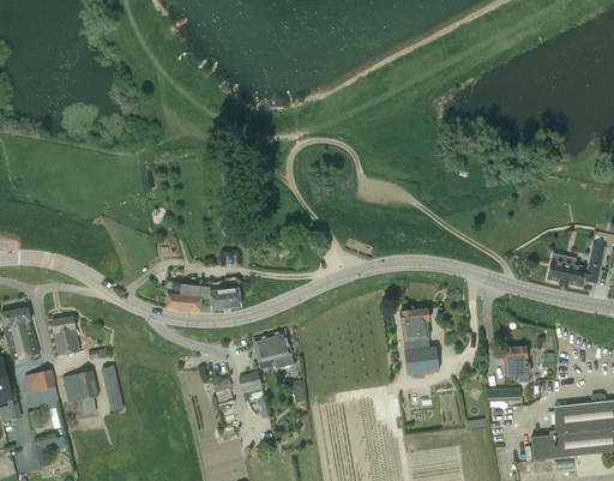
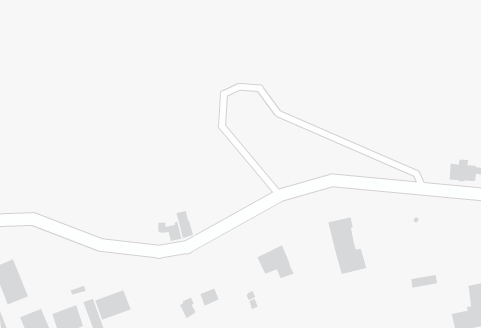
building: [165,283,203,311] -> none
building: [52,317,79,355] -> none
building: [252,329,294,368] -> [256,245,294,279]
building: [504,347,529,379] -> none
building: none -> [94,290,131,320]

